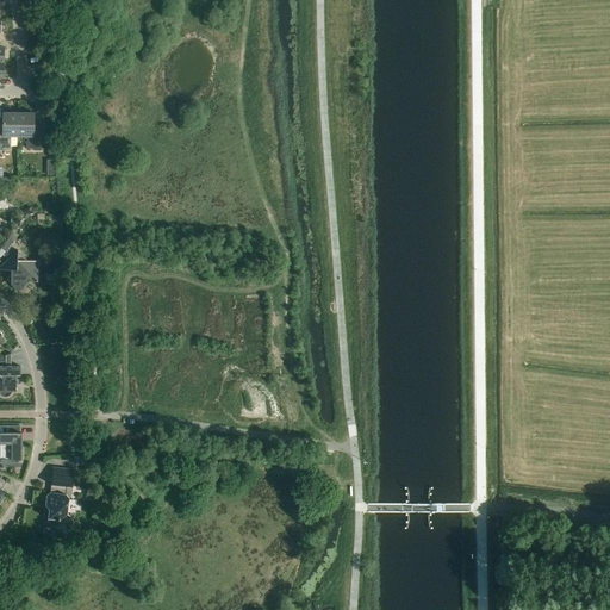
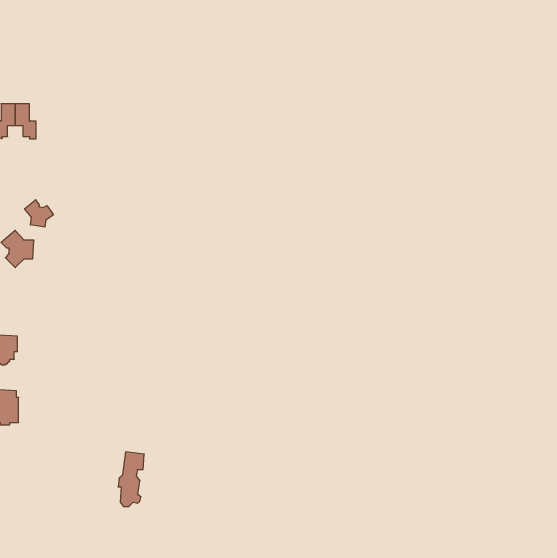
building: none -> [25,200,53,227]
building: [44,468,73,528] -> [118,452,144,507]

